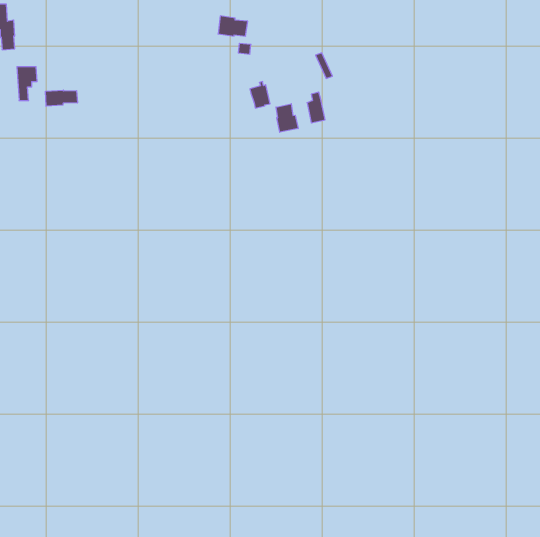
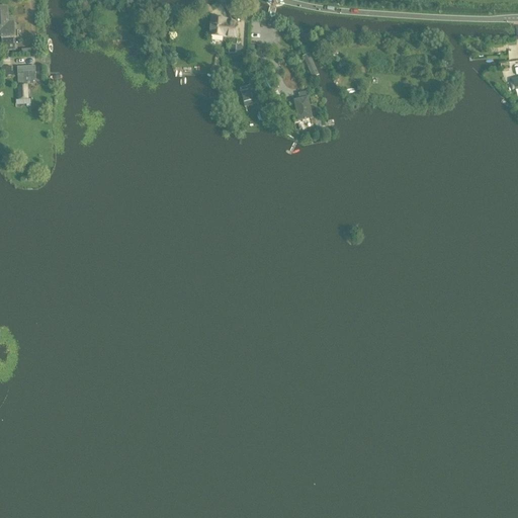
building: [46,90,77,106] -> none
building: [276,104,298,132] -> none

